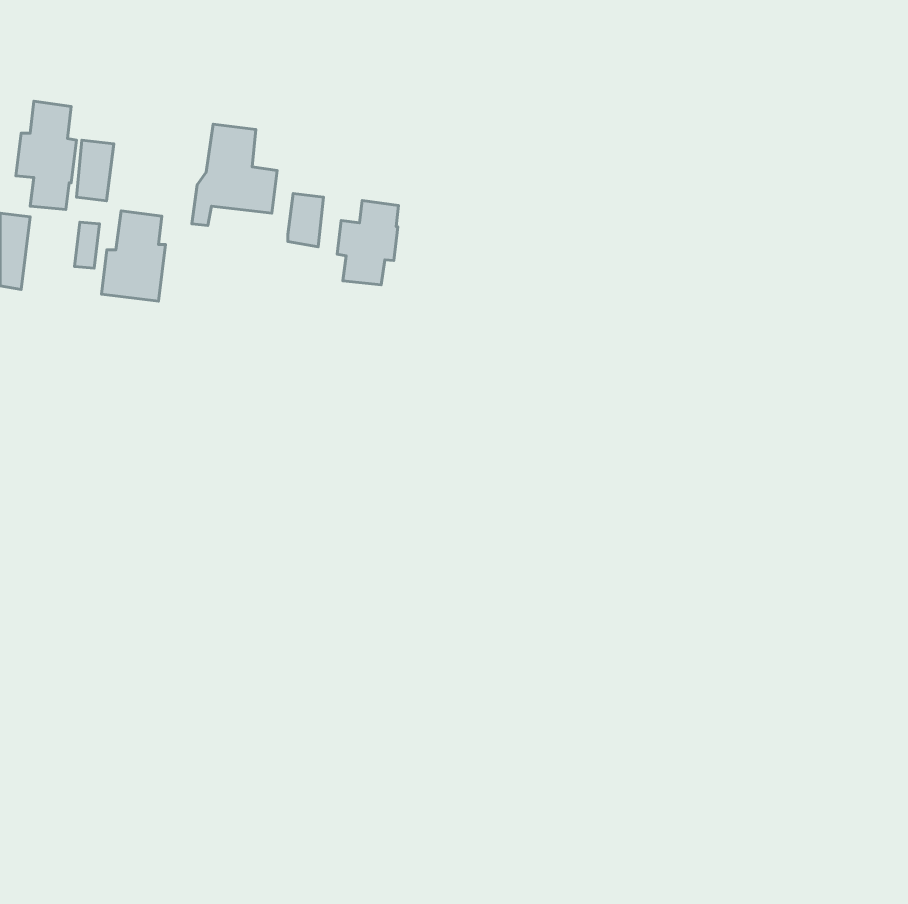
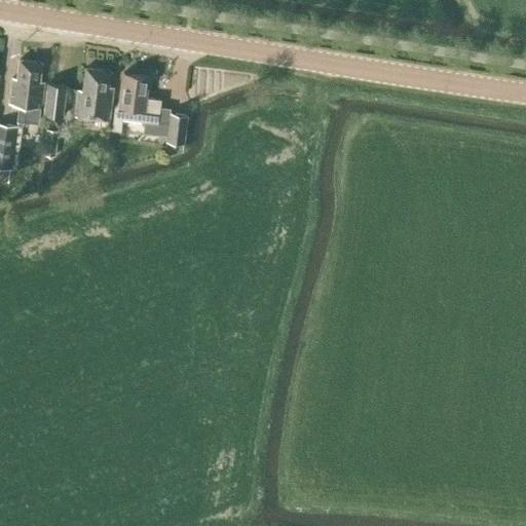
building: [337,201,398,285] -> none
building: [102,211,166,301] -> [75,69,112,121]

